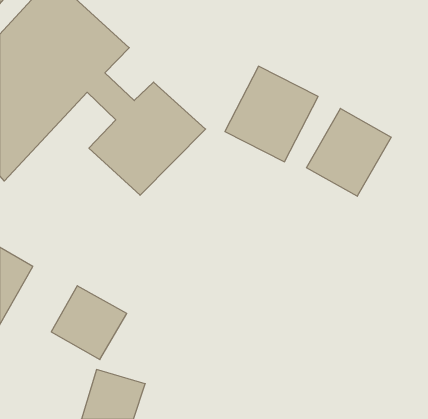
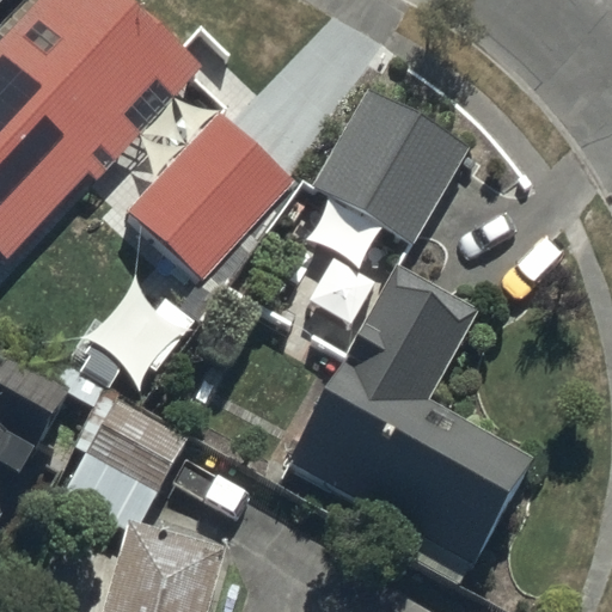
building: [307,108,391,196] -> none
building: none -> [299,283,522,550]

